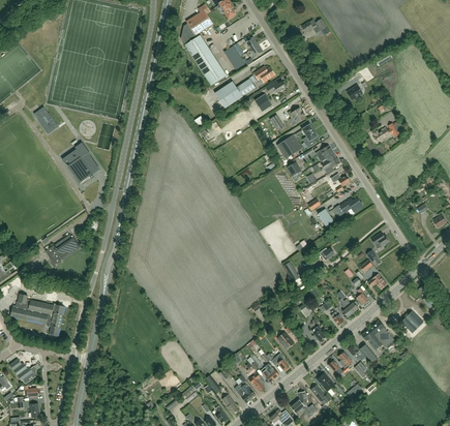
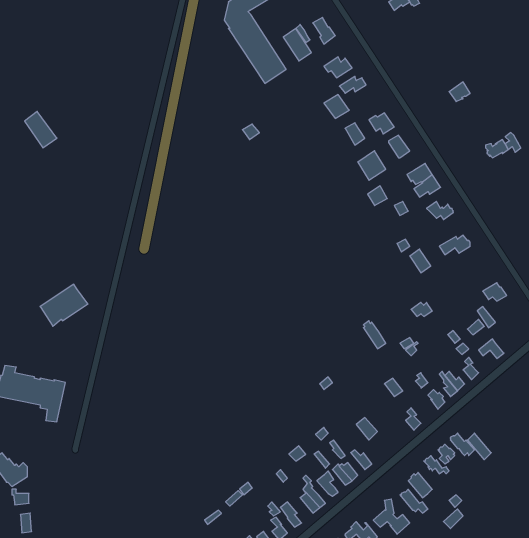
building: [215,79,256,108] -> none
building: [62,143,99,180] -> none
building: [361,321,394,349] -> none

